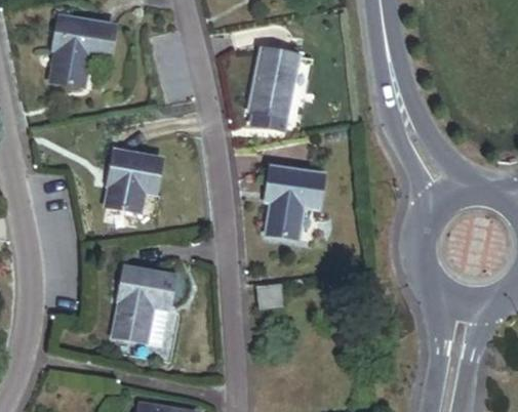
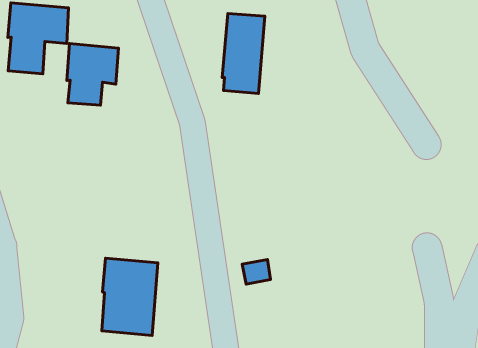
building: [106,151,159,212] -> [67,43,119,105]
building: [267,164,324,235] -> none

